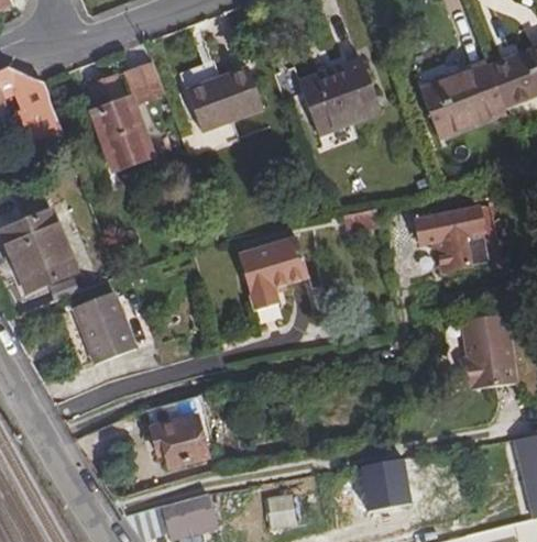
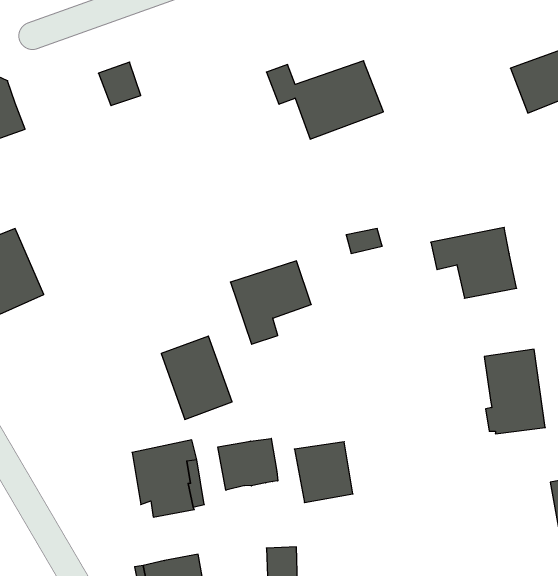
building: [414,55,502,135] -> none
building: [178,69,254,130] -> none
building: [87,74,147,165] -> none
building: [74,292,136,366] -> [161,336,232,419]
building: none -> [218,438,278,490]
building: [363,455,415,509] -> [294,442,353,503]

